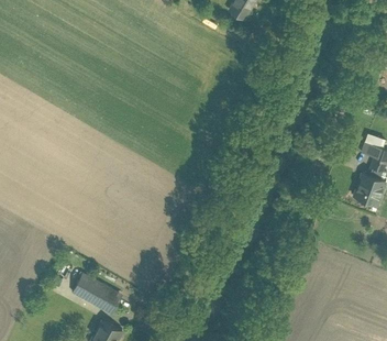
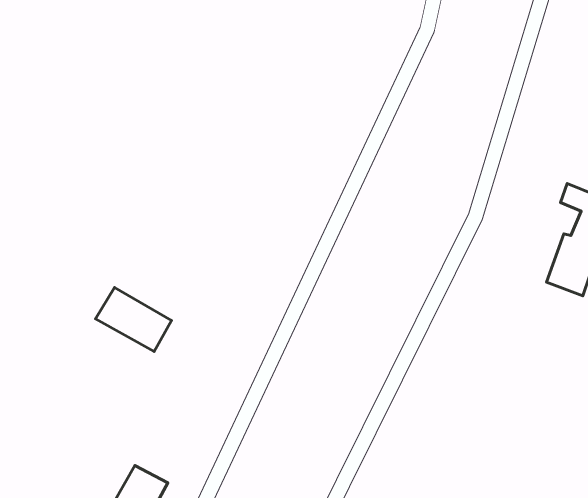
building: [66,270,114,310] -> [95,288,172,352]

